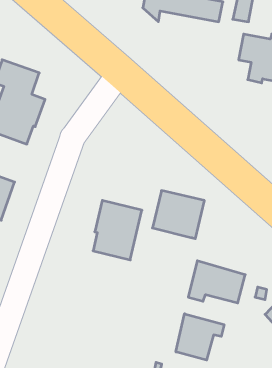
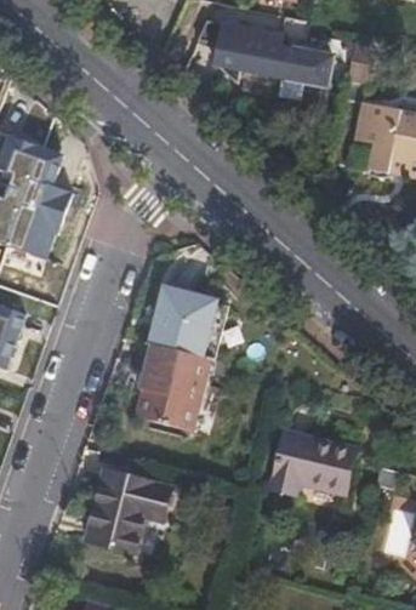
building: [152,191,204,239] -> [153,287,229,358]
building: none -> [89,472,173,553]
building: [176,314,224,360] -> none

